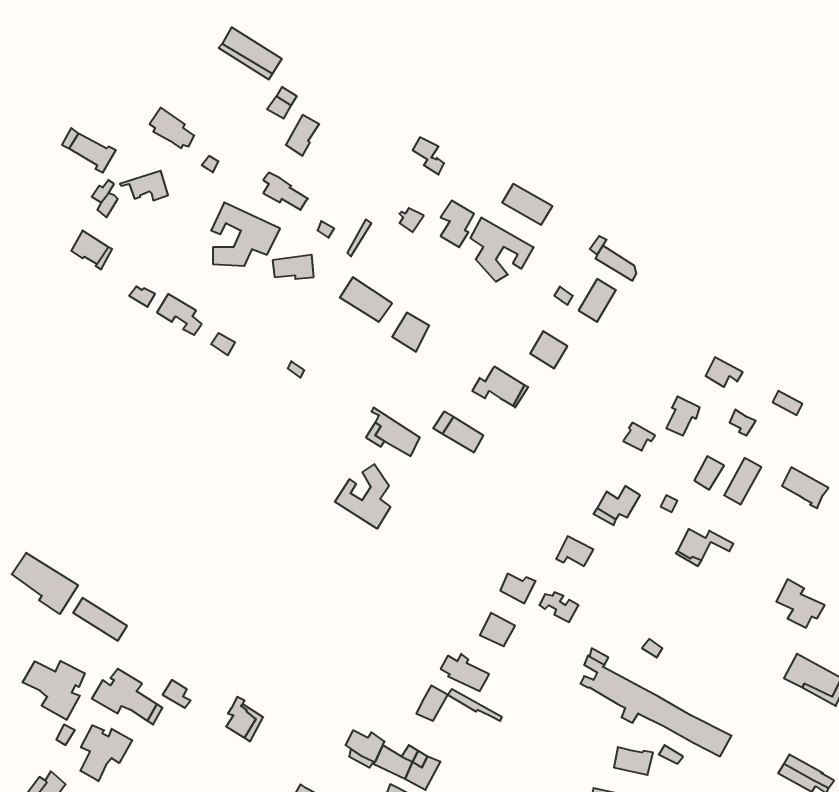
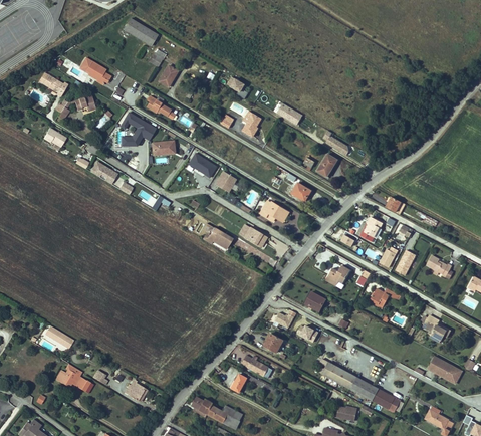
building: [471,217,534,282] -> none
building: [335,464,390,529] -> none
building: [12,553,78,614] -> none
building: [22,661,85,720] -> none
building: [80,725,132,781] -> none

